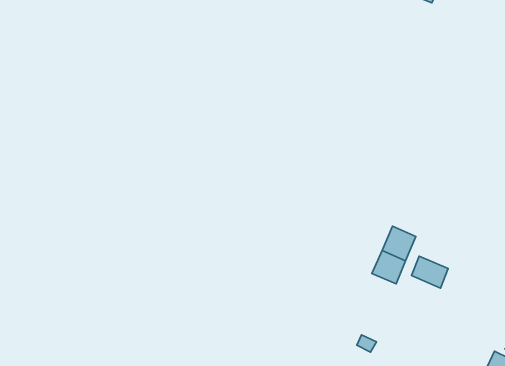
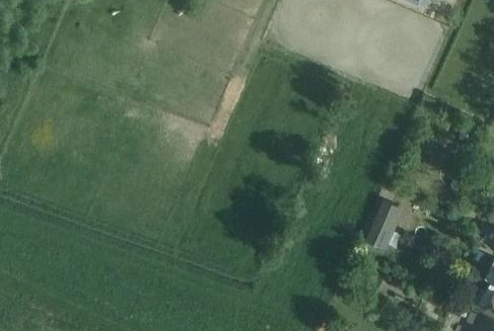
building: [412,256,448,288] -> none

